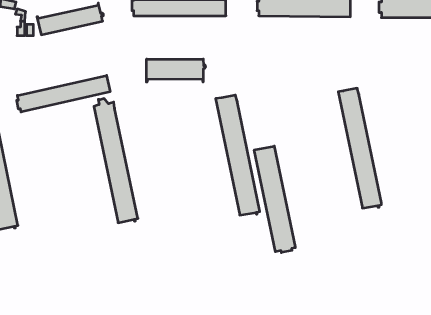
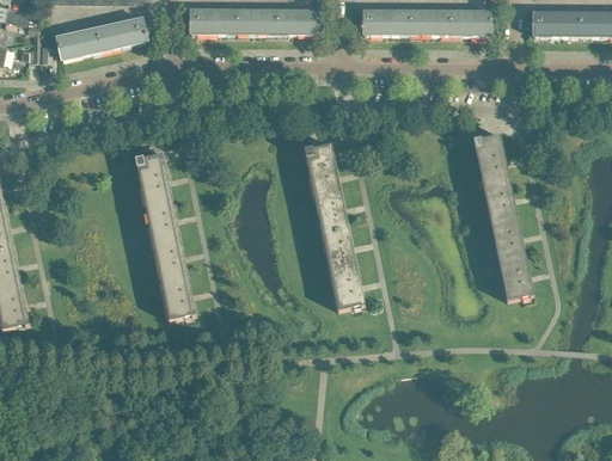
building: [146,59,205,82] -> none
building: [17,75,110,112] -> none
building: [254,146,295,253] -> none

